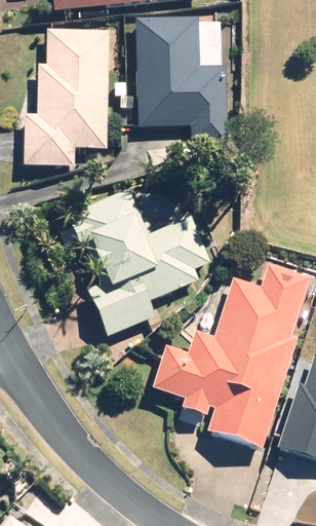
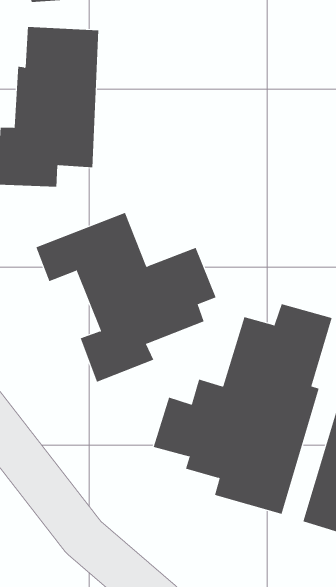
building: [136,16,226,145] -> none

